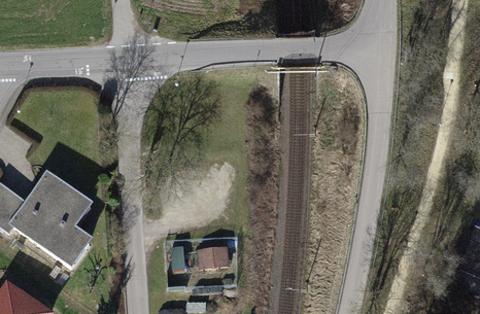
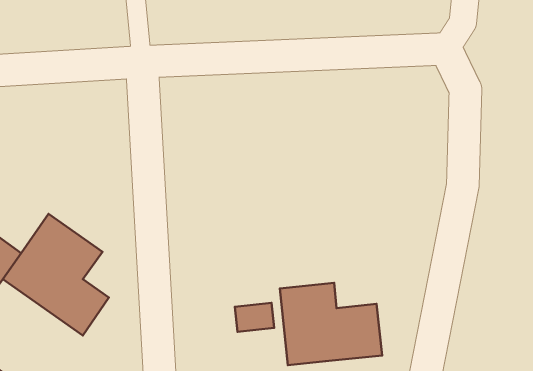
building: none -> [280,283,382,365]

